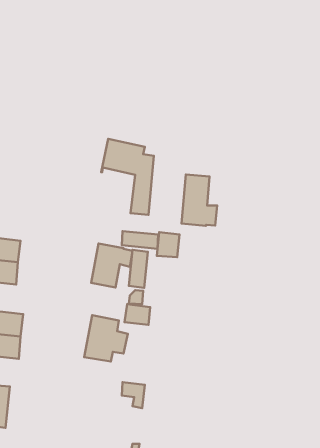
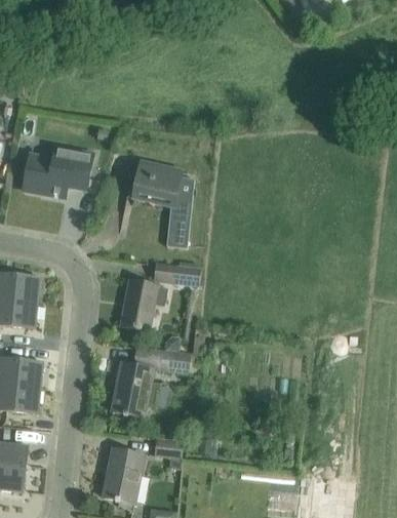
building: none -> [23,146,93,196]
building: [181,174,217,226] -> none
building: [157,232,179,257] -> none
building: [129,250,148,288] -> none
building: none -> [103,448,144,503]

